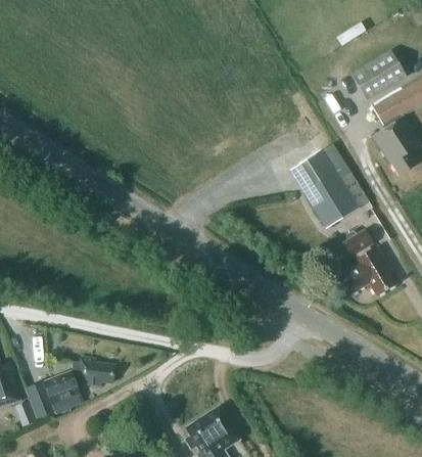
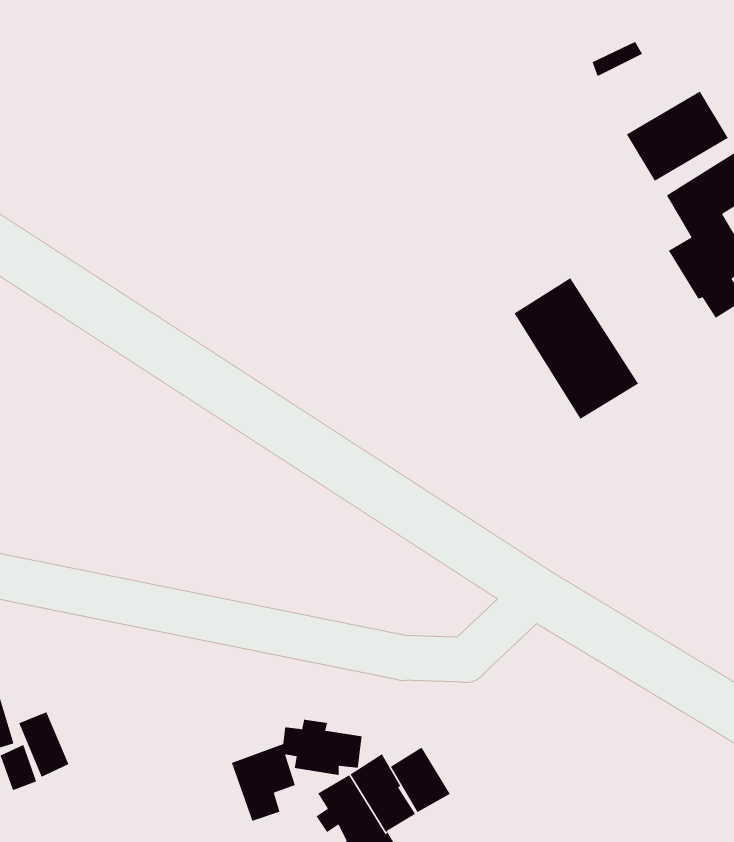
building: [338,230,395,294] -> none
building: [46,359,116,414] -> [231,719,362,822]
building: none -> [390,747,451,813]

